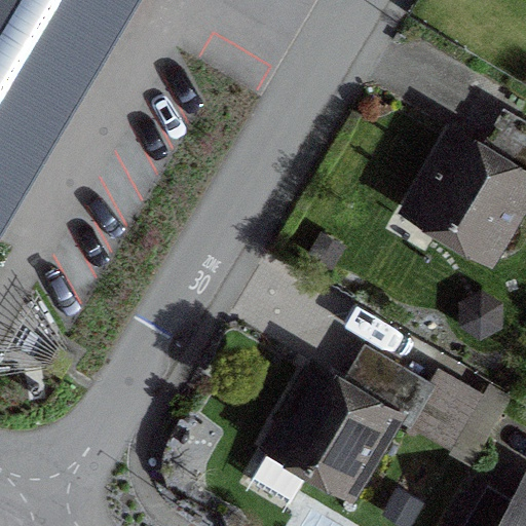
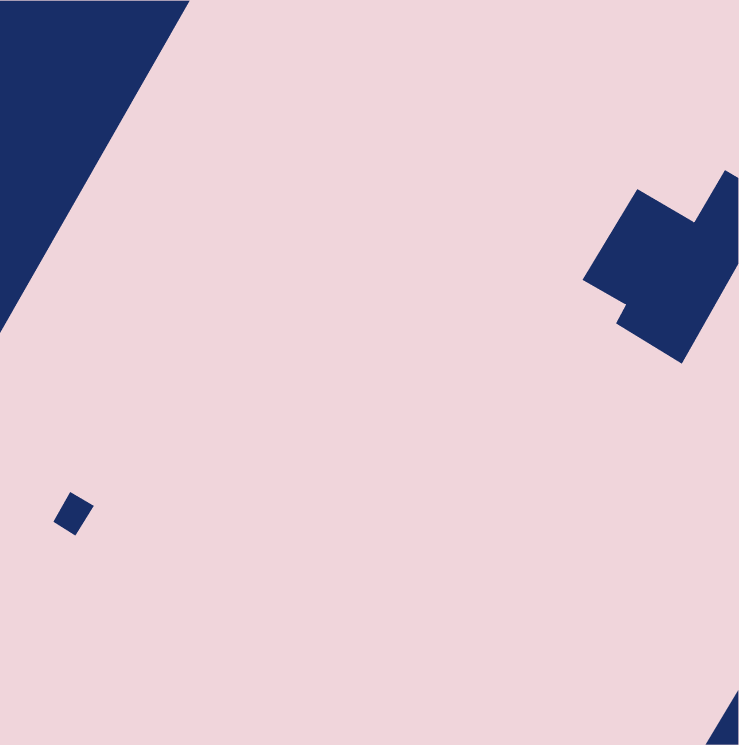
building: [242,354,466,503] -> none

